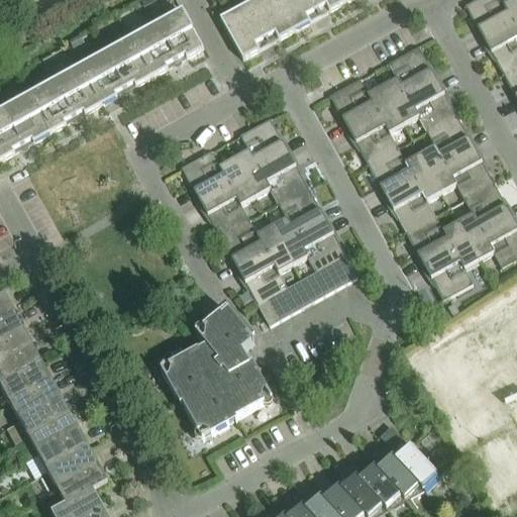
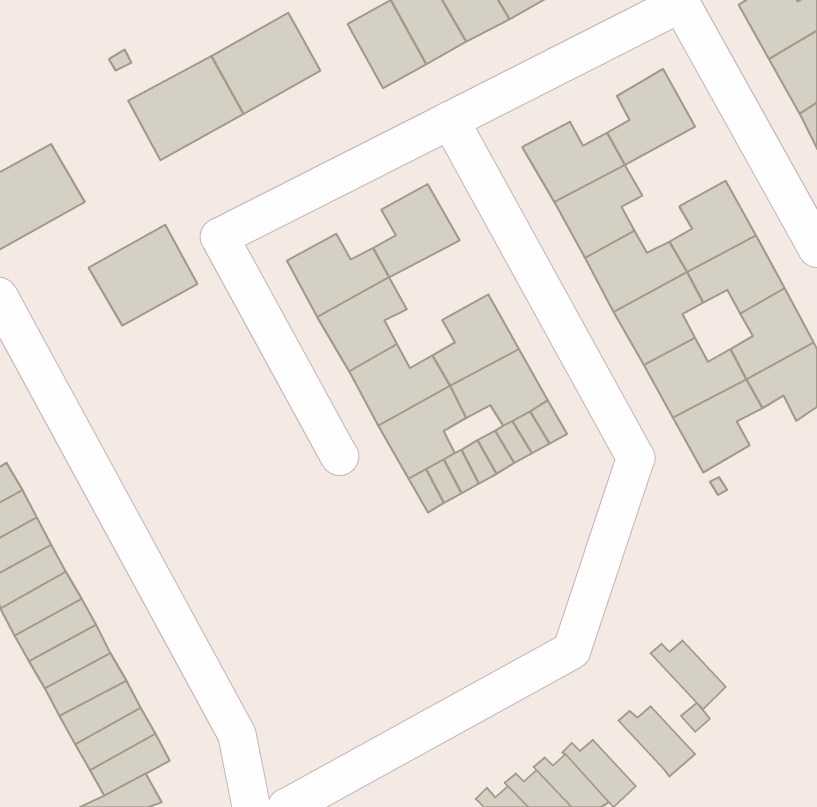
building: [32,64,101,127] -> [89,225,197,326]
building: [394,80,457,130] -> none
building: [245,151,308,202] -> none
building: [161,296,273,437] -> none
building: [372,456,419,500] -> [650,640,726,709]

